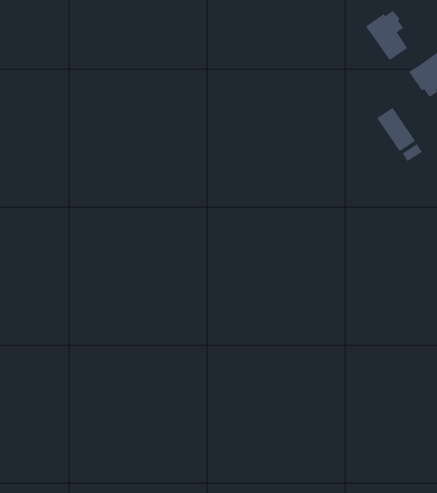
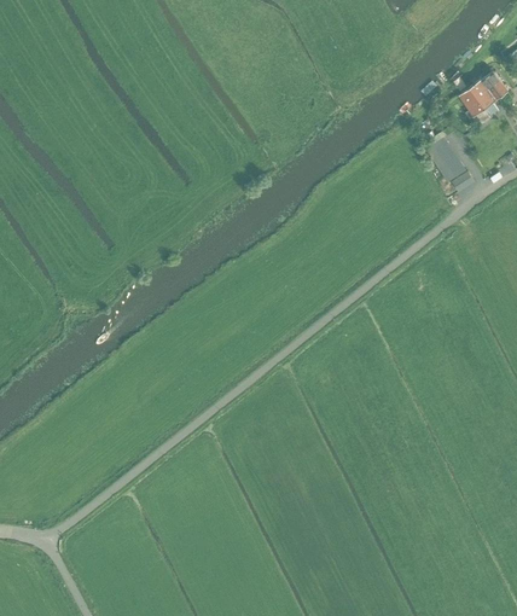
building: [365,10,408,61] -> none

